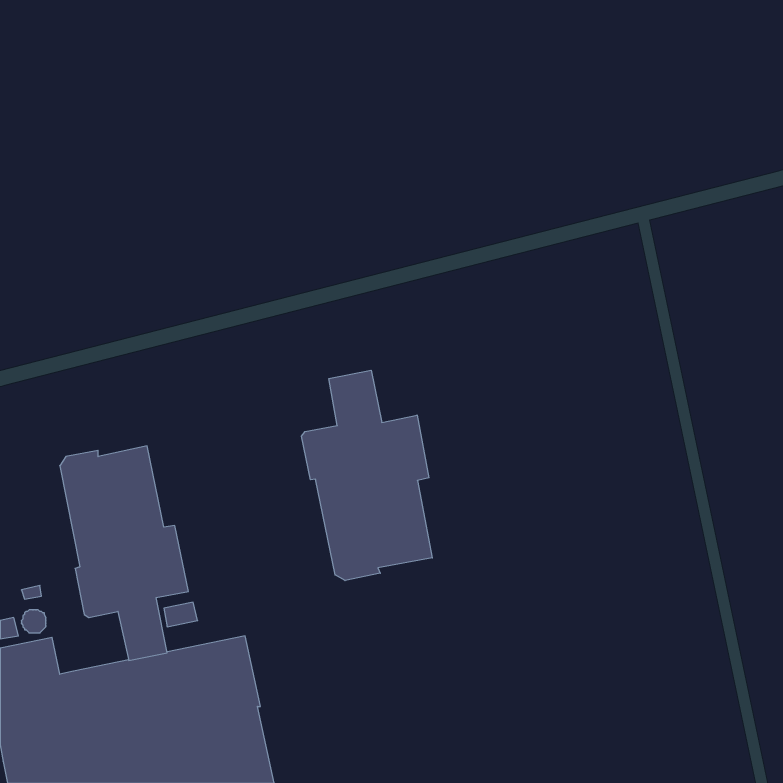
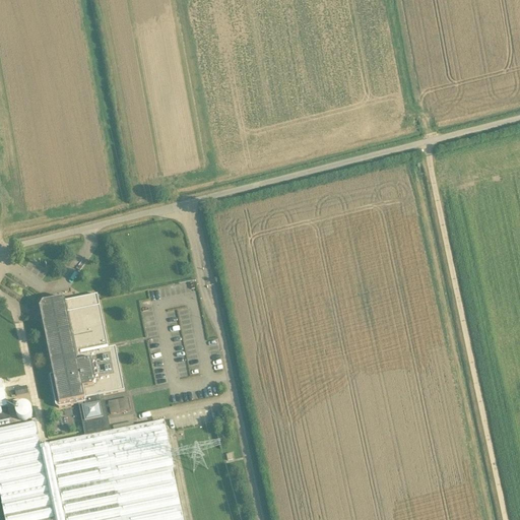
building: [302,370,432,581] -> none

